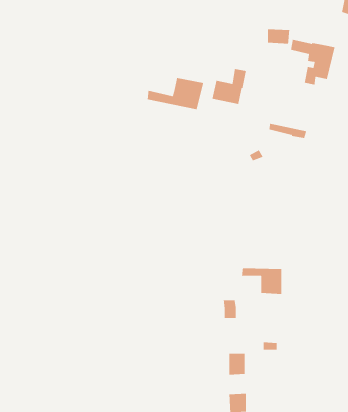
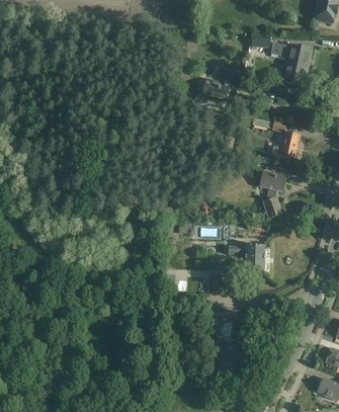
building: [147,77,204,110] -> none
building: none -> [272,132,300,157]
building: none -> [260,165,286,218]

